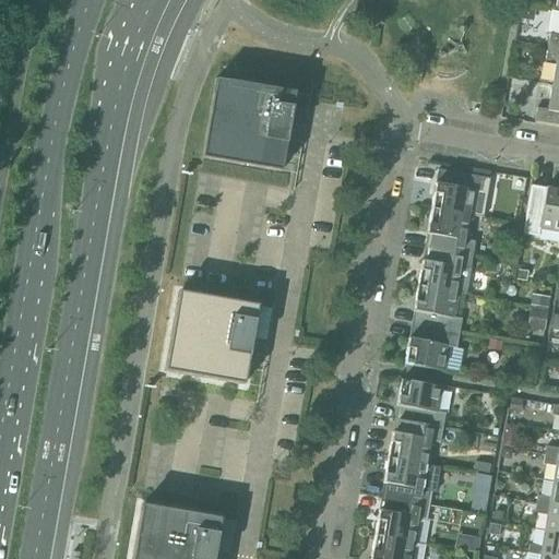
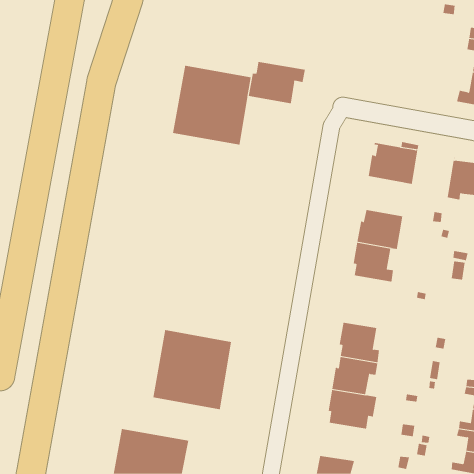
building: none -> [248,61,306,104]
building: [429,206,478,253] -> none
building: [167,289,260,383] -> [153,330,232,410]
building: [407,323,462,369] -> none
building: [377,496,432,540] -> none

